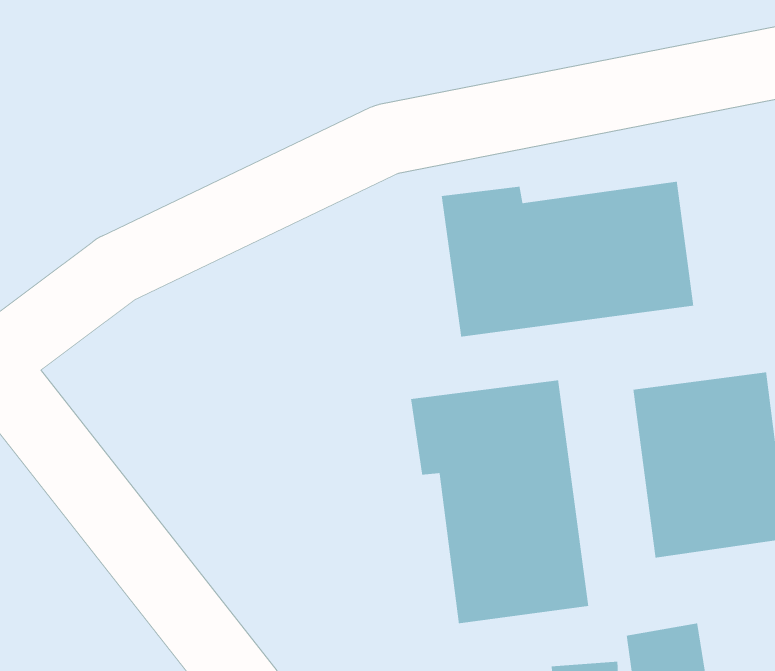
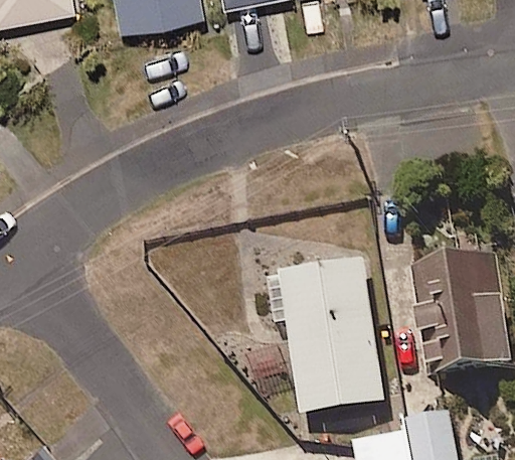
building: [441,181,694,337] -> none

